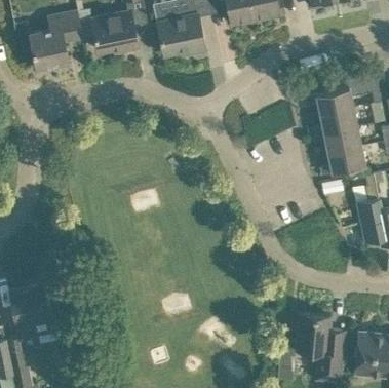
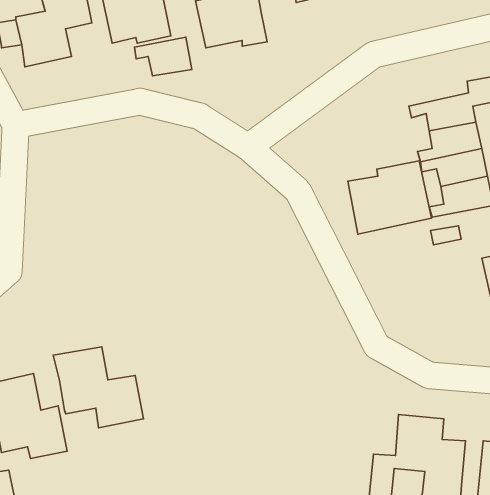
building: none -> [135,37,192,76]
building: none -> [348,161,432,234]
building: none -> [53,347,144,428]

